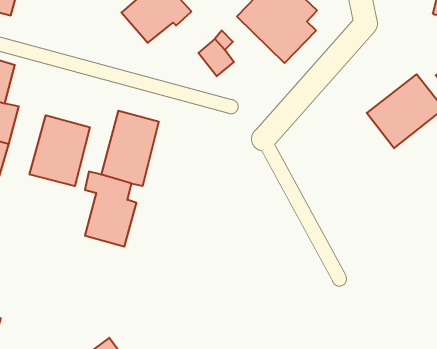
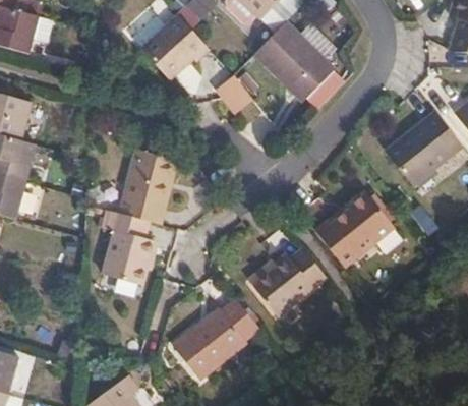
building: [30,115,90,186] -> none
building: none -> [315,192,395,269]
building: none -> [251,247,327,316]
building: none -> [173,299,260,380]

